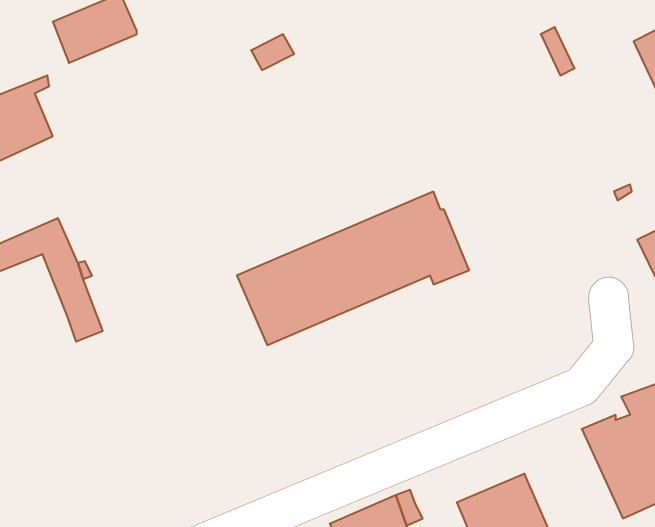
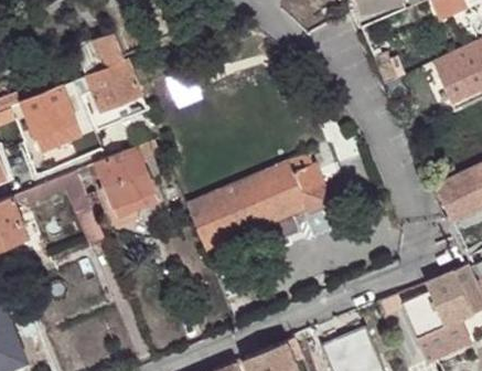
building: none -> [85,61,140,113]
building: none -> [95,140,160,222]

